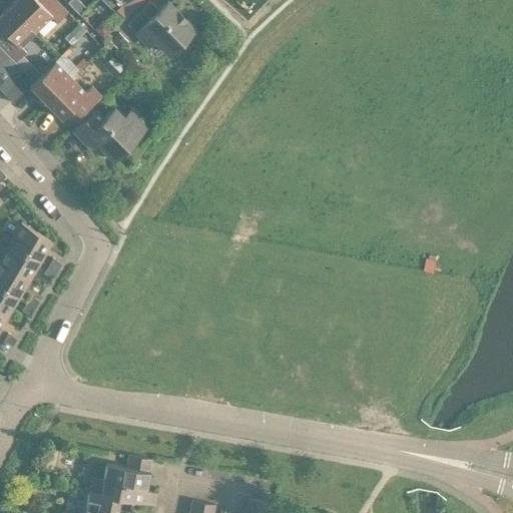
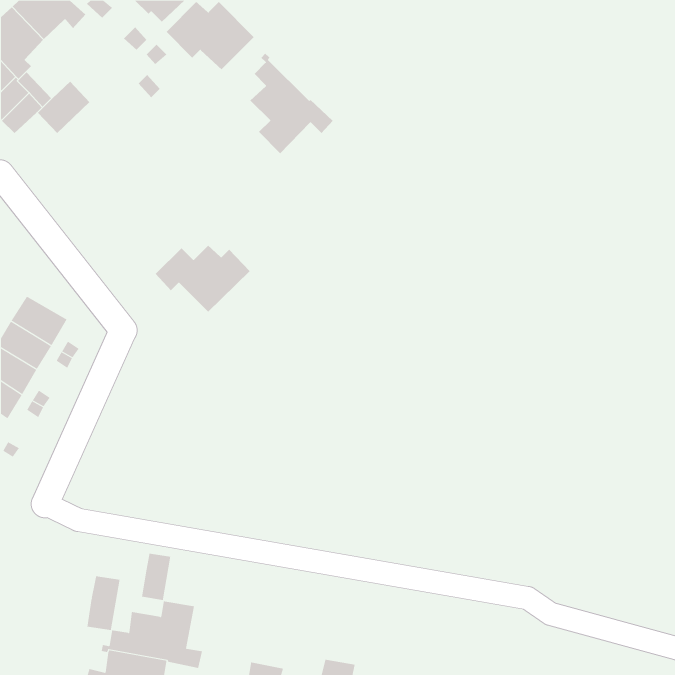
building: none -> [249,53,333,154]
building: [45,79,101,123] -> none
building: [74,110,146,161] -> [155,245,250,312]
building: none -> [141,553,171,601]
building: none -> [87,575,120,631]

